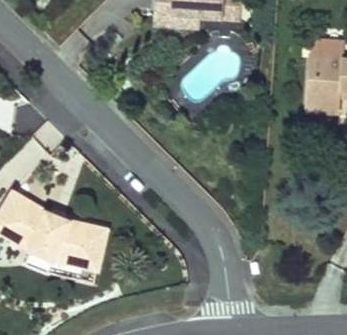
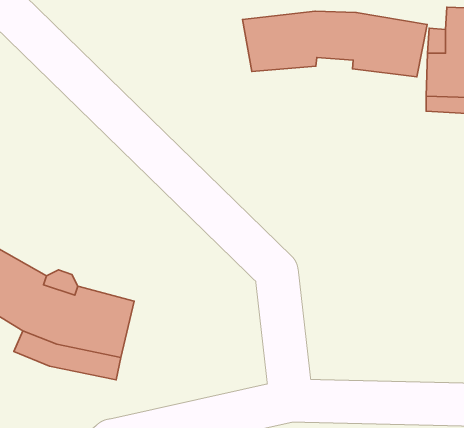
building: none -> [243,11,427,77]

